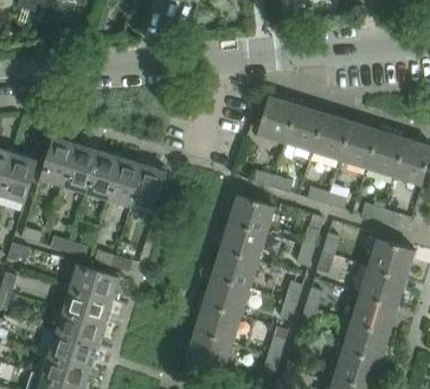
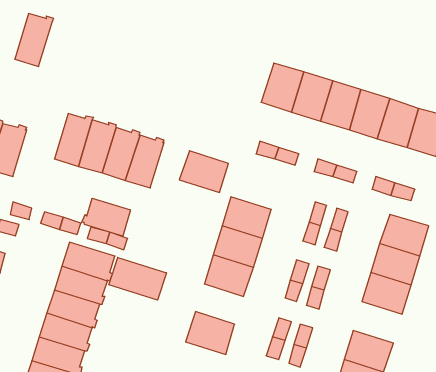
building: [40,136,77,186] -> [15,14,54,67]
building: [229,194,275,234] -> [179,151,228,192]
building: none -> [82,198,131,236]
building: none -> [109,257,166,300]
building: [195,304,240,342] -> none
building: [344,320,390,359] -> none

